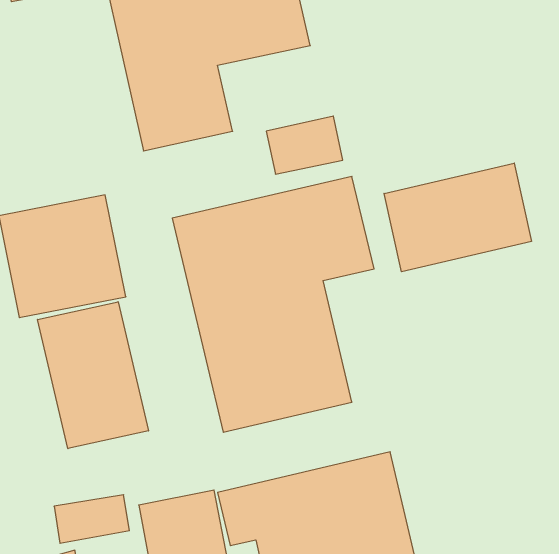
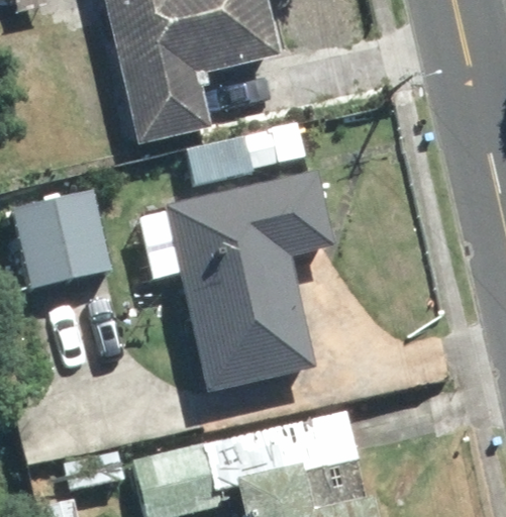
building: [384,163,531,272] -> none
building: [38,302,148,449] -> none

